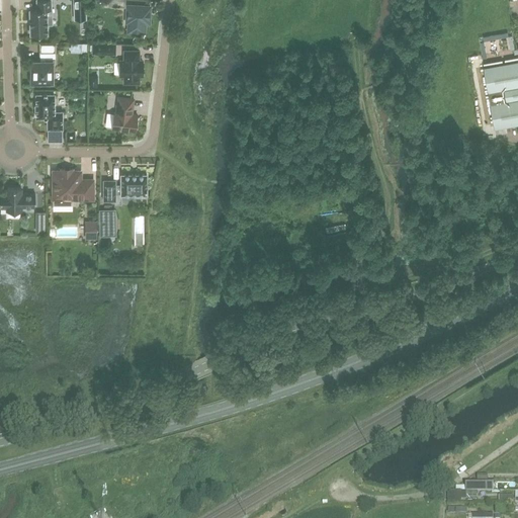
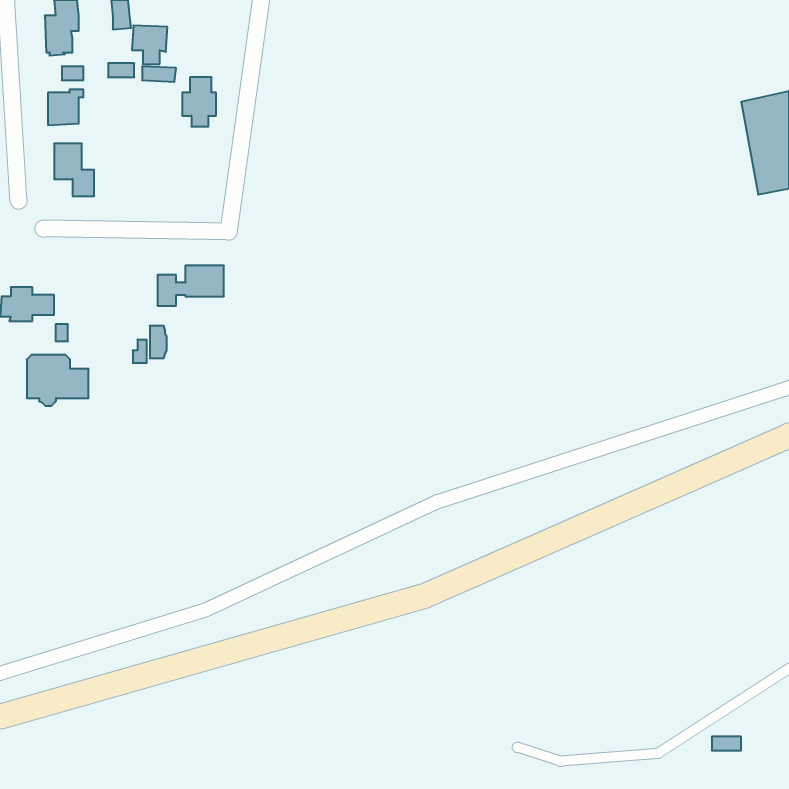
building: [126,6,150,31] -> [132,25,167,64]
building: [112,97,138,132] -> none
building: [53,171,93,204] -> [27,355,89,406]

